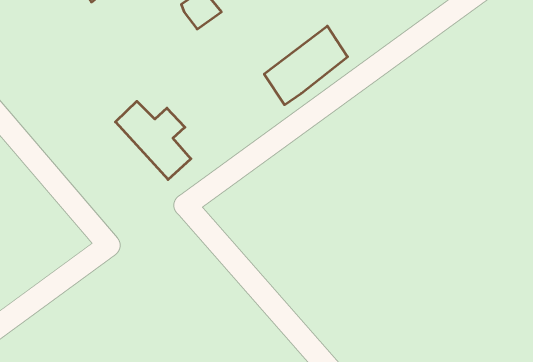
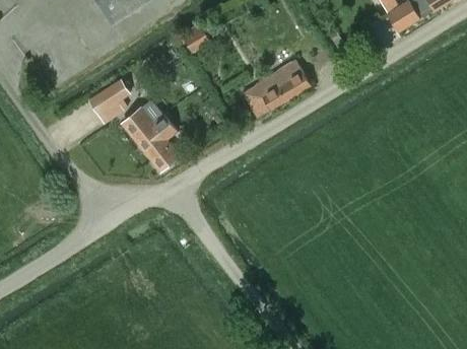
building: none -> [88,78,131,124]

